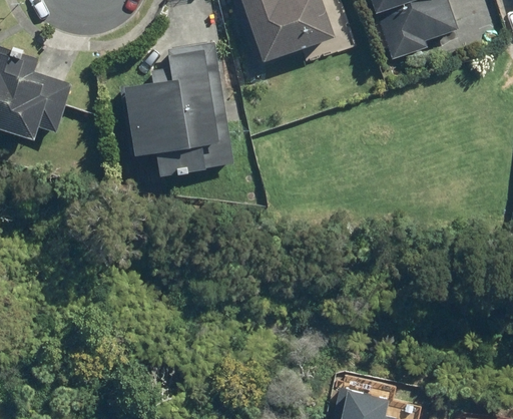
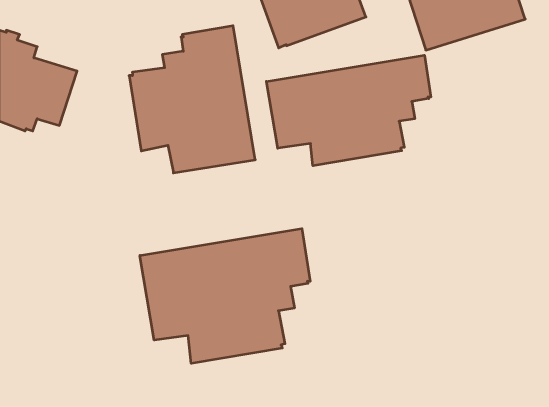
building: none -> [266,55,431,166]
building: none -> [140,229,310,363]

